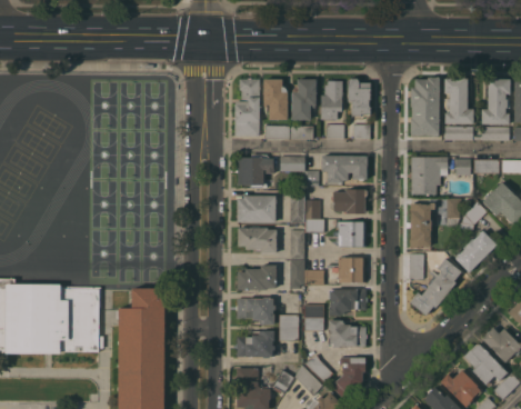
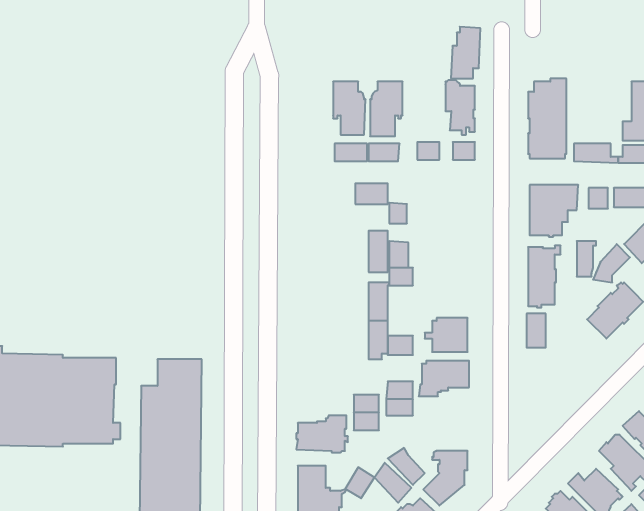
building: [444,78,473,123] -> none
building: [234,79,259,136] -> none
building: [320,80,342,119] -> [451,27,480,78]
building: [238,154,273,188] -> none
building: [321,156,367,183] -> none
building: [332,189,364,213] -> none
building: [237,196,275,222] -> none
building: [333,221,365,247] -> none
building: [238,228,277,253] -> none
building: [409,258,461,315] -> none
building: [237,265,278,291] -> none
building: [236,297,274,325] -> none
building: [328,319,367,347] -> none

